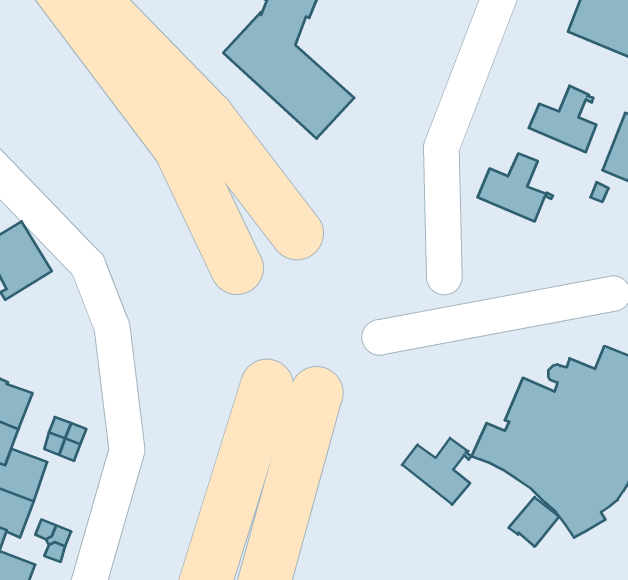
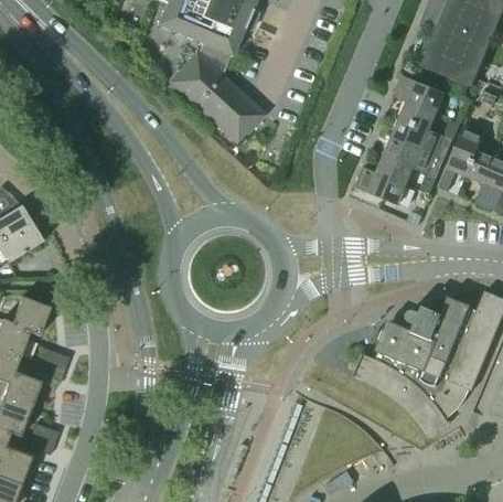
building: none -> [394,75,445,125]
building: none -> [385,137,435,186]
building: none -> [10,297,50,335]
building: [402,438,472,505] -> none
building: [509,497,559,547] -> none

